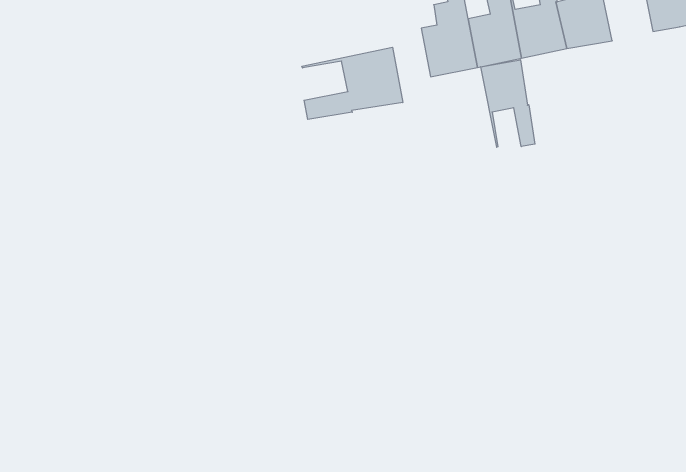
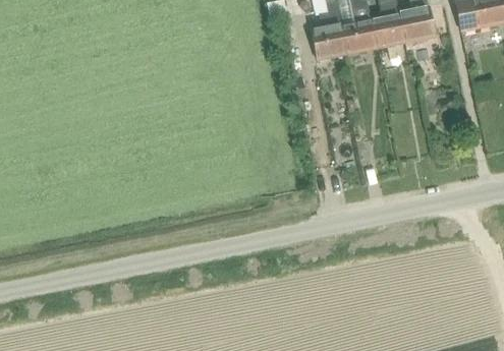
building: [302,47,403,119] -> none
building: [481,60,535,147] -> none

